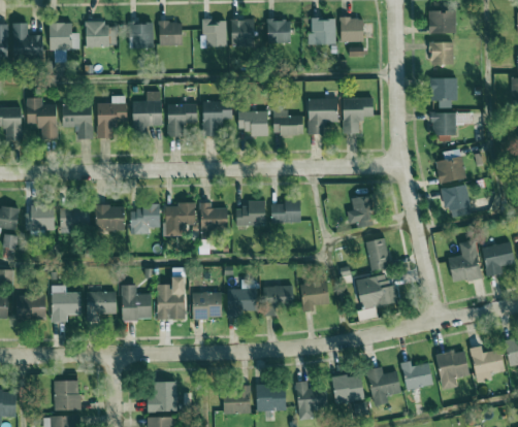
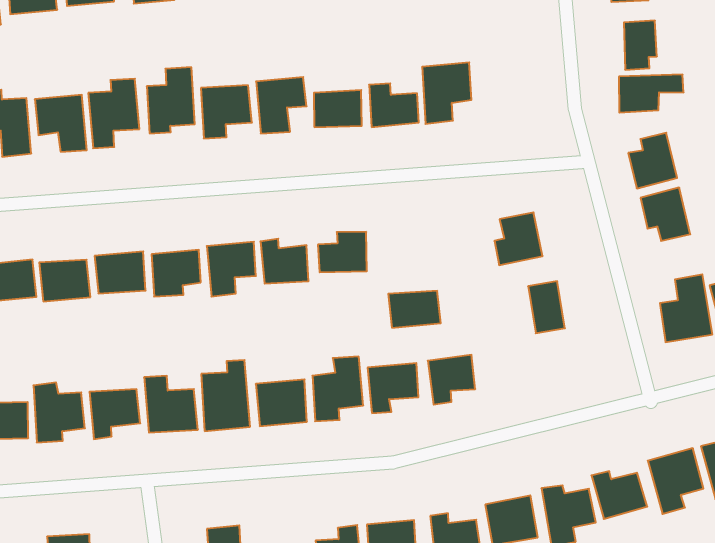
building: [343,98,374,134] -> none
building: [269,202,301,224] -> [388,291,441,328]
building: [356,274,397,309] -> none

